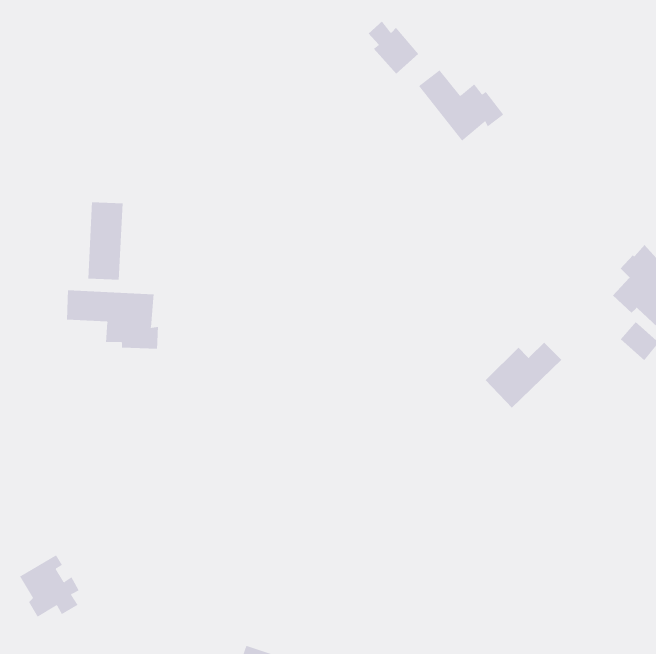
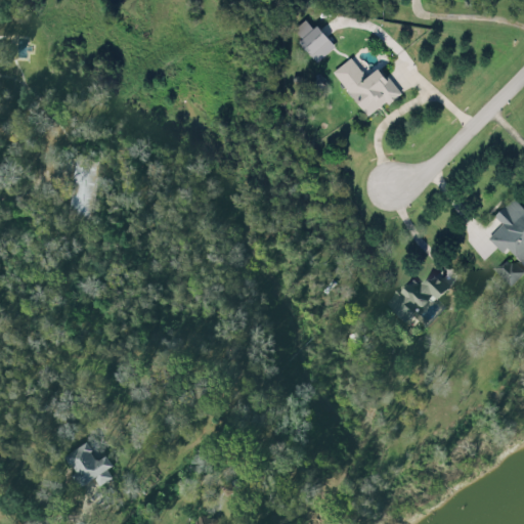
building: [67,290,158,350] -> none
building: [19,555,80,618] -> [68,441,116,491]

